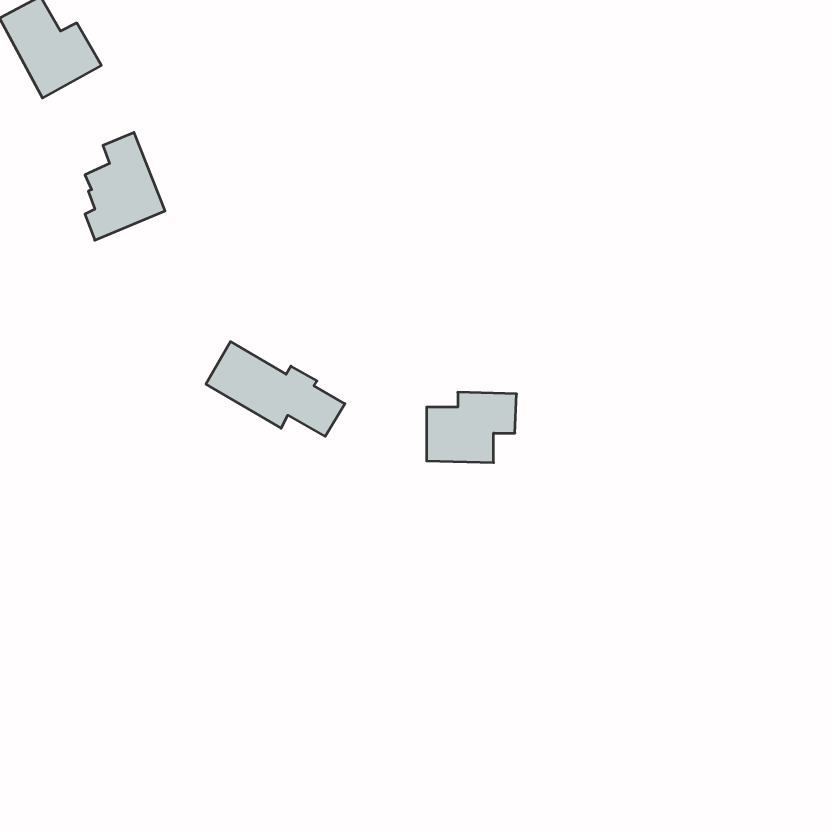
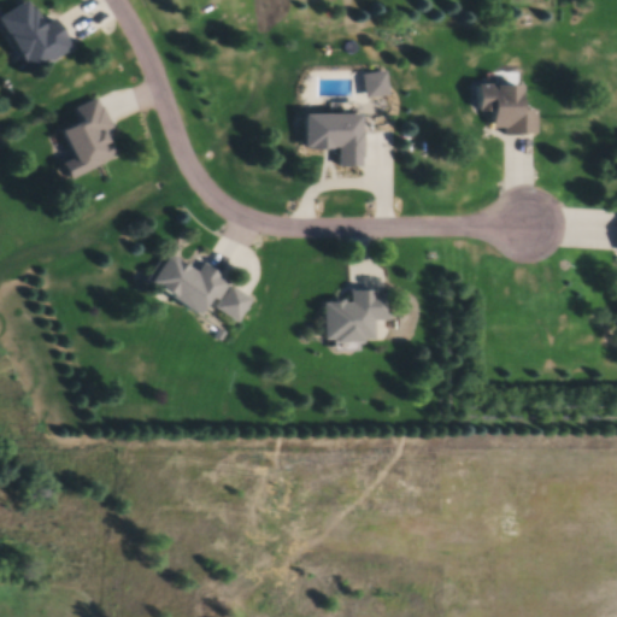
building: none -> [362,71,387,98]
building: none -> [474,84,534,133]
building: none -> [299,114,357,166]

